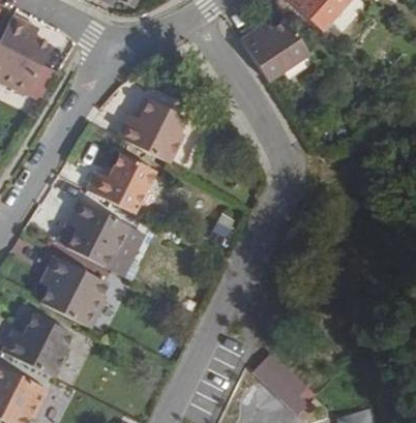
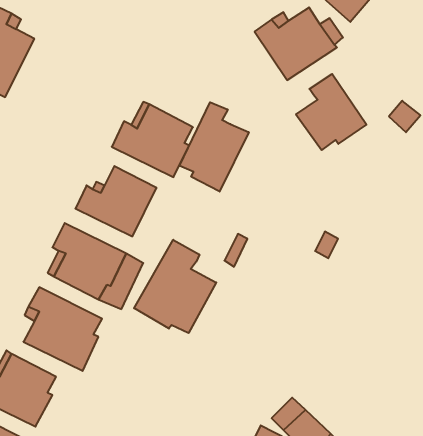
building: none -> [296,74,366,150]
building: none -> [179,102,249,192]
building: none -> [134,240,216,333]

